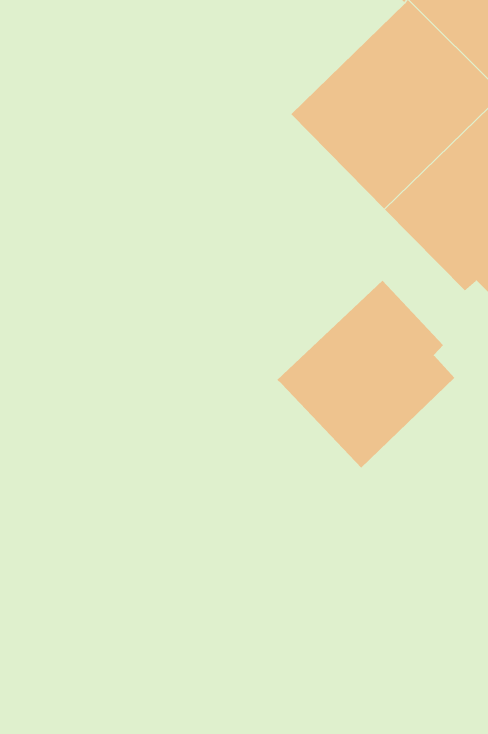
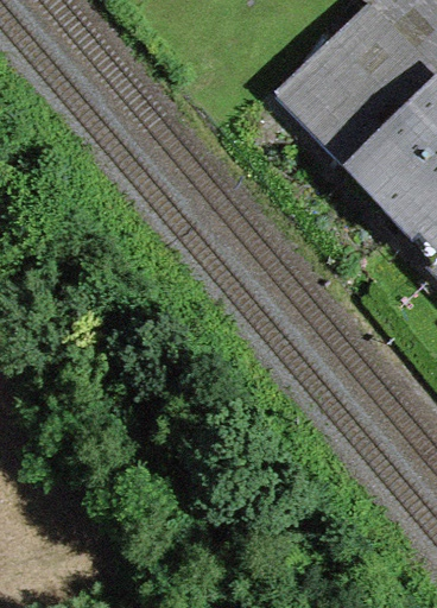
building: [276,280,455,469] -> none

